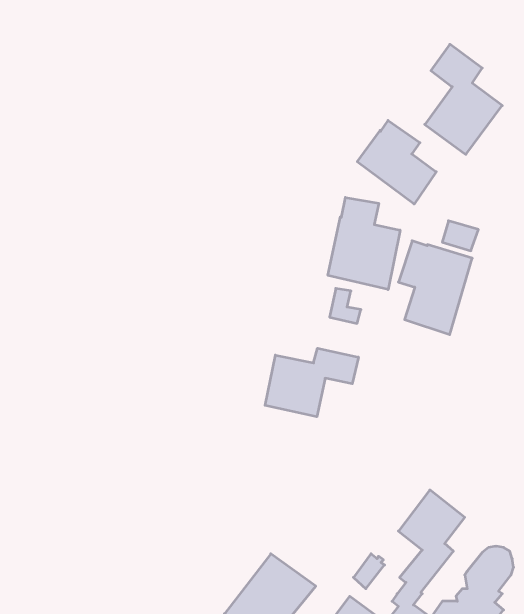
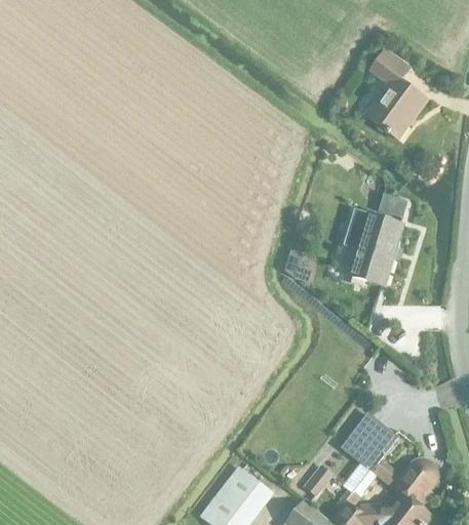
building: [357,120,436,204] -> none
building: [328,197,400,290] -> none
building: [265,348,358,417] -> none

